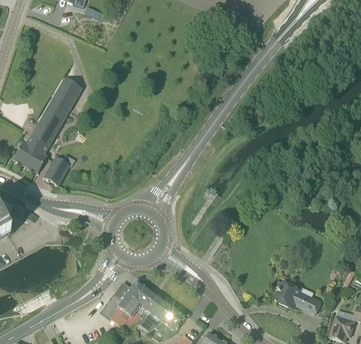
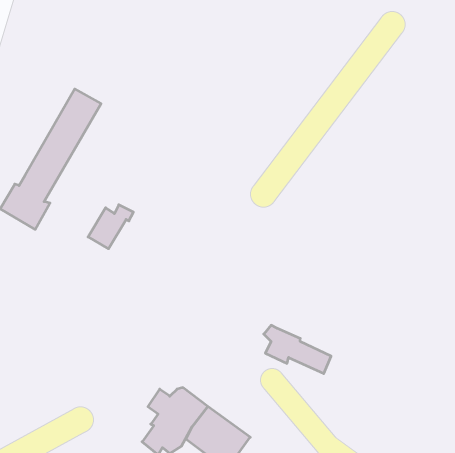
building: [43,155,74,185] -> [88,205,133,249]
building: [274,280,320,313] -> [264,325,331,374]

